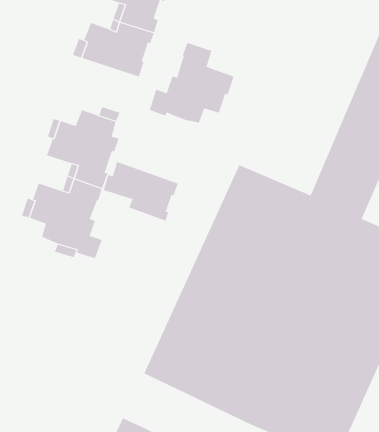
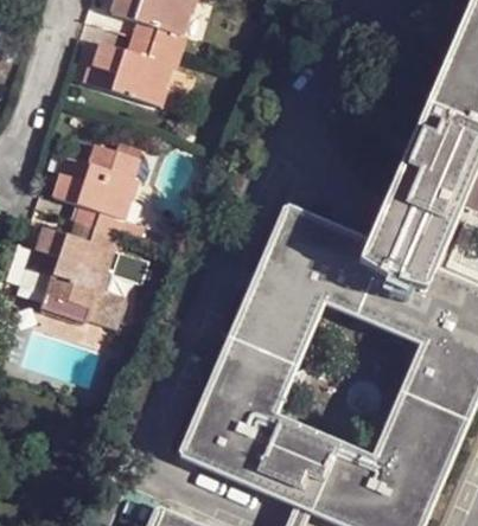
building: [149,42,234,124] -> none
building: [103,161,179,221] -> none

